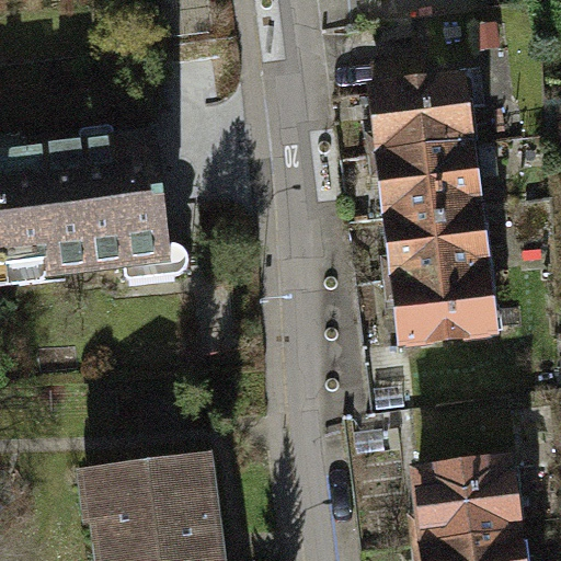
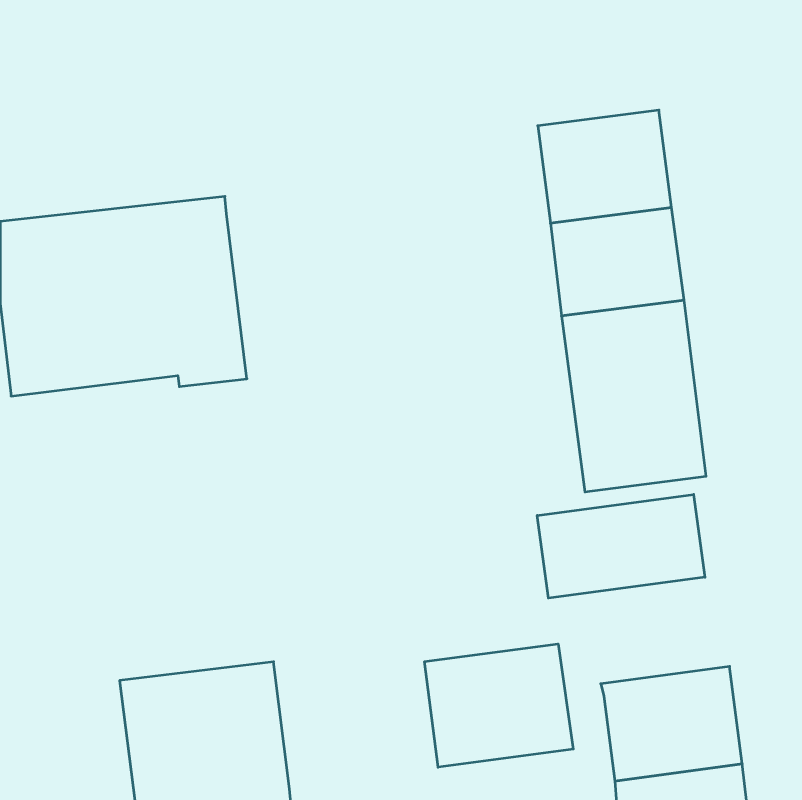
building: none -> [537,494,705,598]
building: none -> [425,644,573,767]

